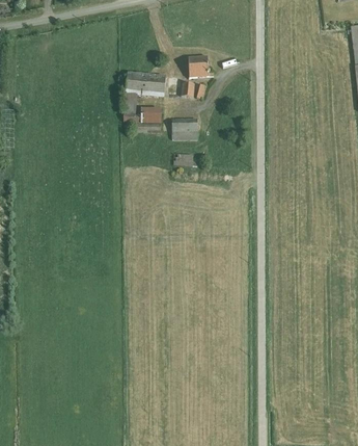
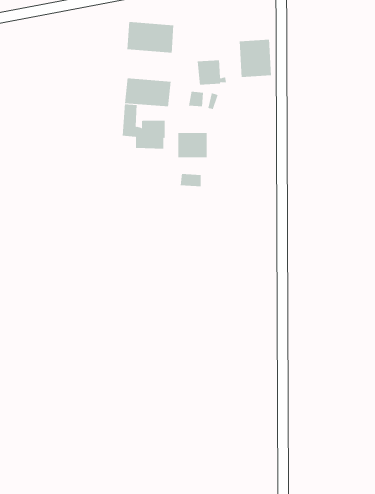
building: none -> [127,21,174,53]
building: none -> [239,39,272,78]

